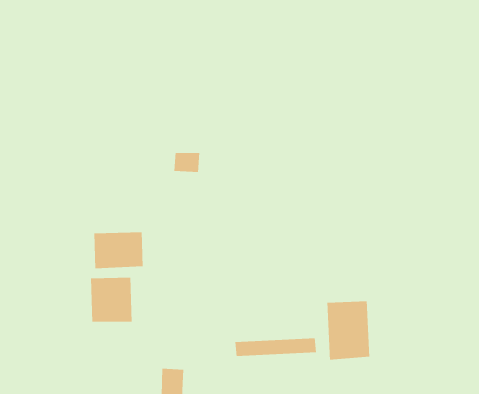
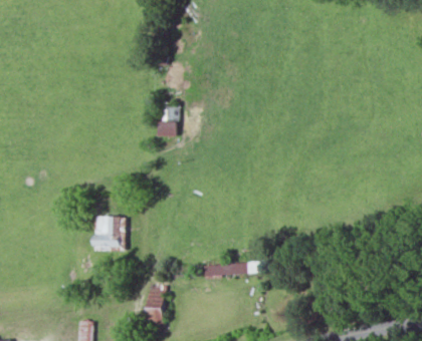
building: [94,232,143,269] -> none
building: [327,300,370,361] -> none

